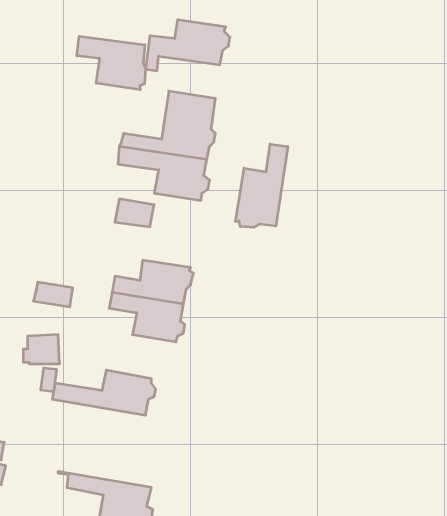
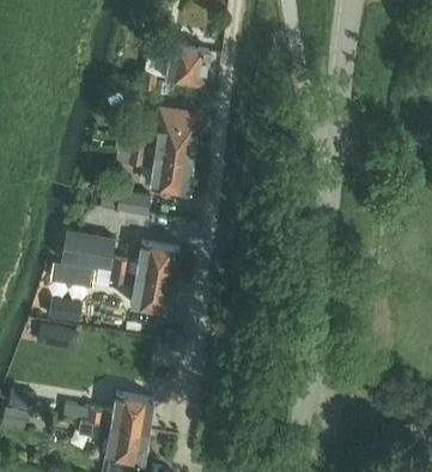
building: [77,36,146,90] -> none
building: [235,144,288,227] -> none
building: none -> [60,230,114,268]
building: [52,370,156,415] -> [71,394,156,431]

